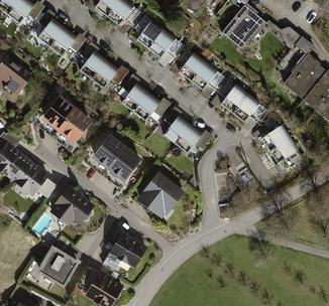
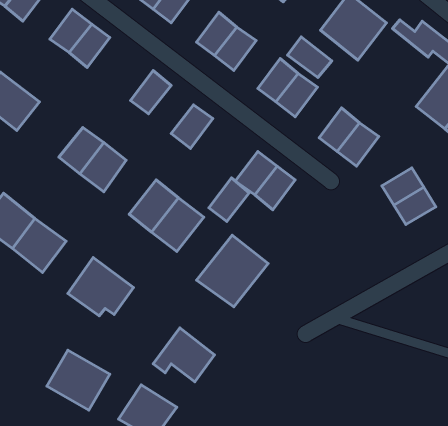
building: none -> [287,37,332,78]
building: [80,50,108,80] -> none
building: [133,92,160,121] -> [209,178,249,221]

